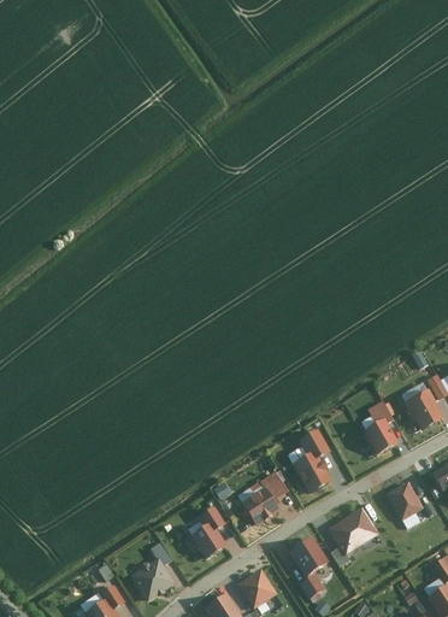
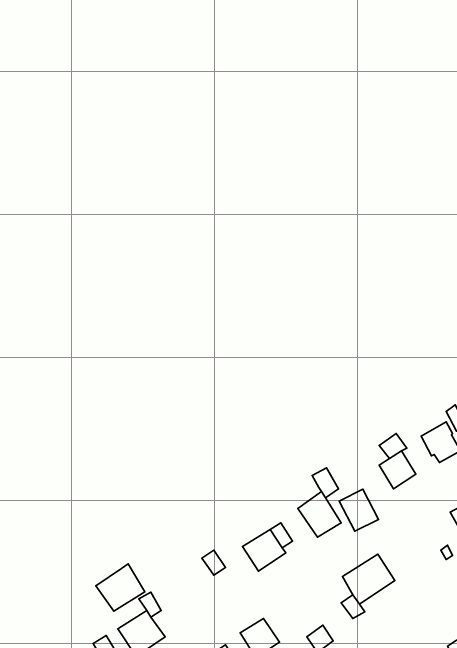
building: [385,482,422,521] -> [339,489,379,531]
building: none -> [96,564,145,611]
building: [190,522,224,557] -> none
building: [291,536,330,575] -> none

